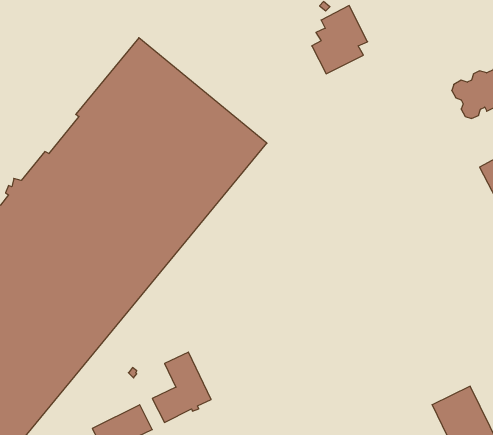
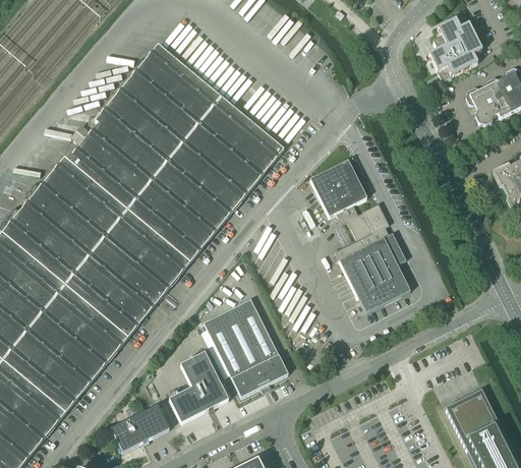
building: [312,6,368,74] -> [427,12,482,79]
building: none -> [309,159,410,311]
building: none -> [204,298,287,396]

